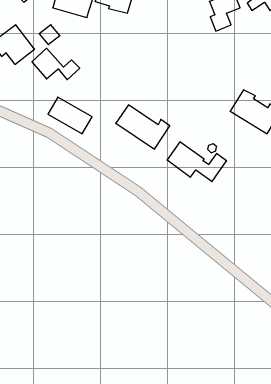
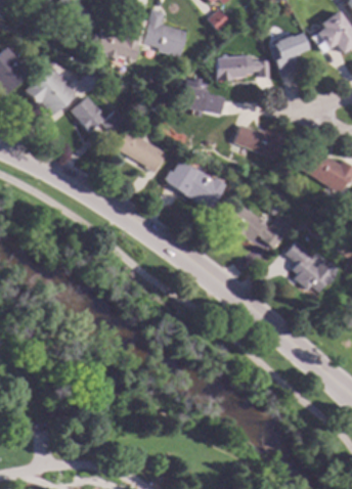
building: none -> [215,54,270,80]
building: none -> [178,78,222,116]
building: none -> [231,123,284,159]
building: [48,97,92,134] -> [118,129,168,171]
building: none -> [287,240,339,290]

